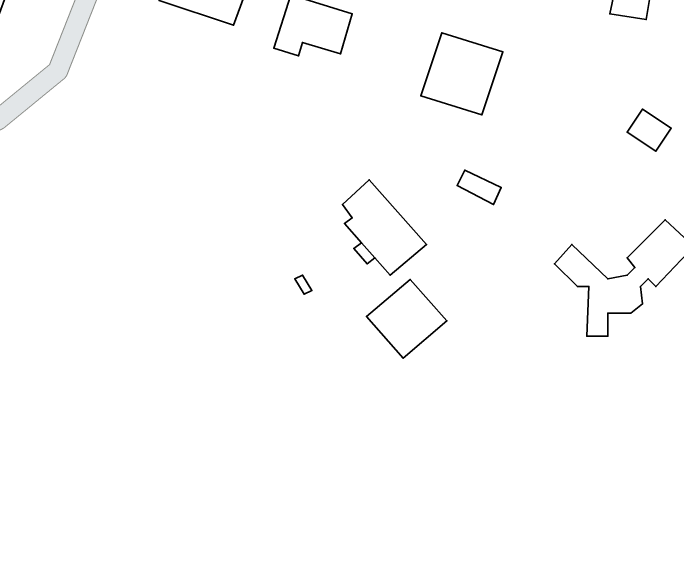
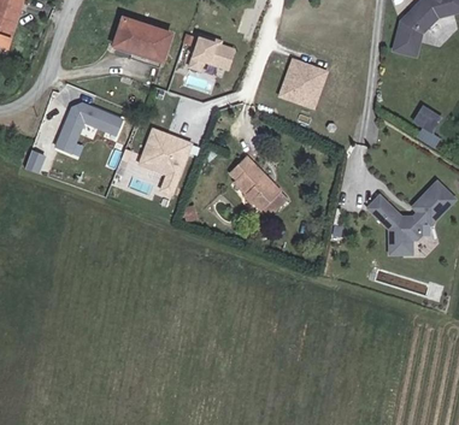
building: none -> [54,101,123,157]
building: none -> [139,131,193,200]
building: [367,279,447,358] -> none

